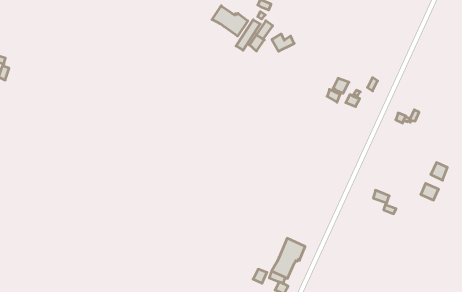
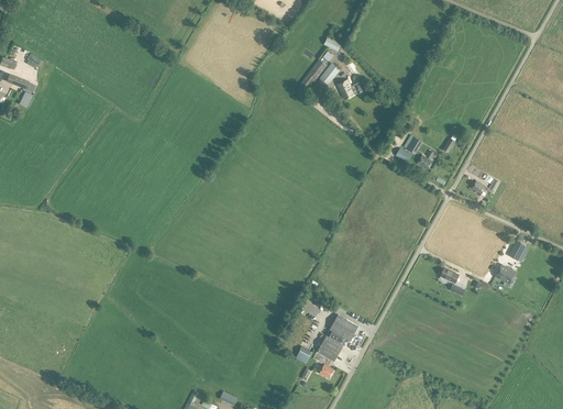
building: [212,6,248,36] -> none

